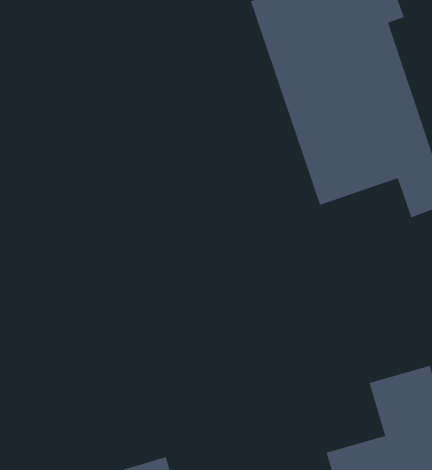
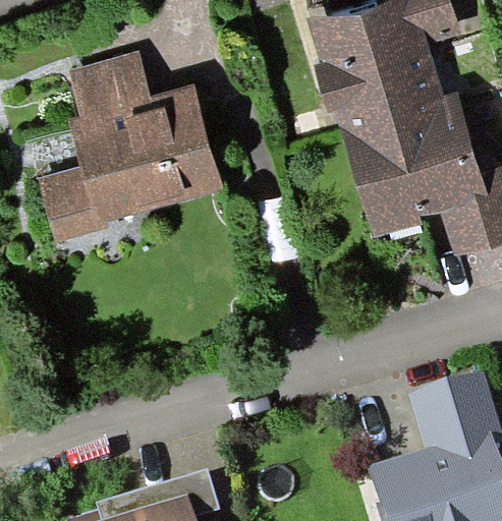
building: none -> [48,54,221,223]

